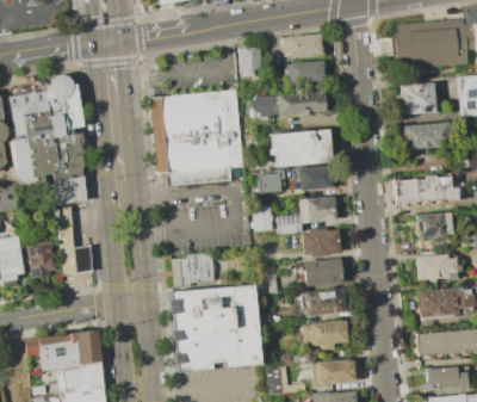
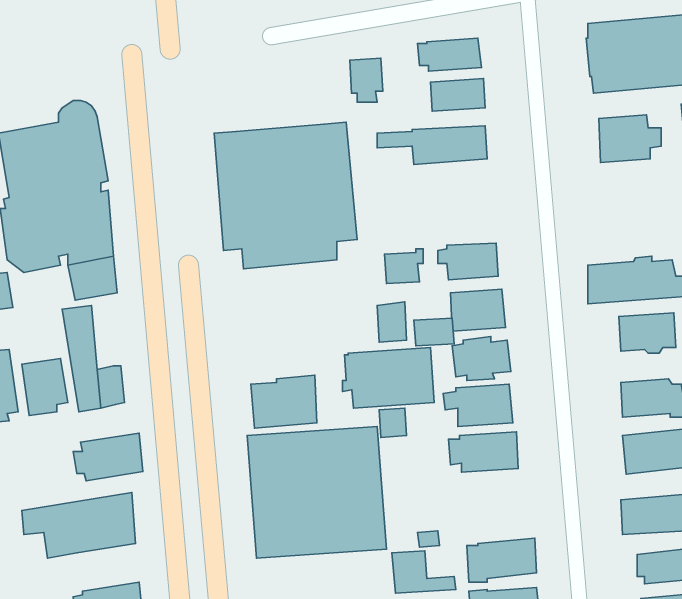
building: [403,123,448,150] -> none
building: [274,128,334,167] -> [343,348,434,408]
building: [306,321,353,345] -> none
building: [57,363,103,394] -> [73,433,143,481]

